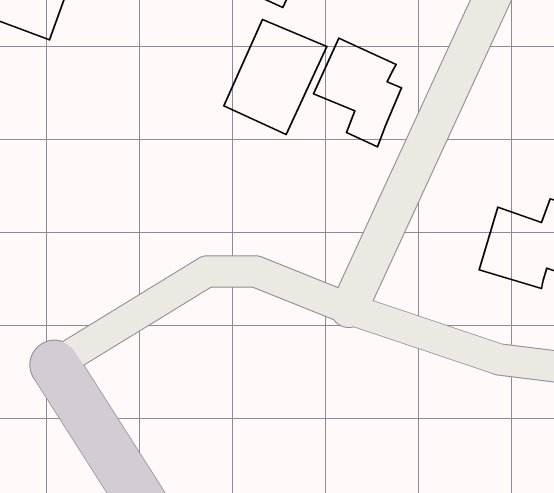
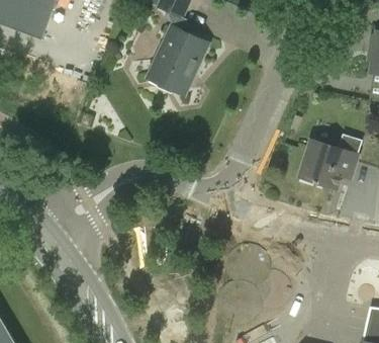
building: [313,38,401,147] -> none

